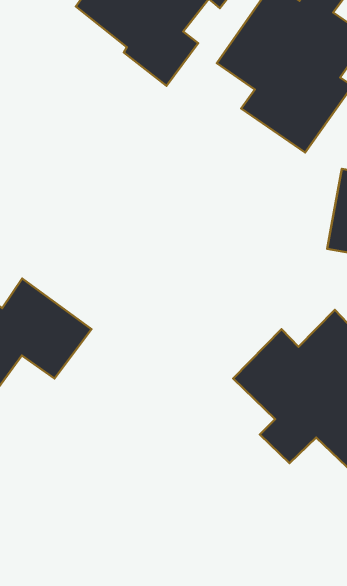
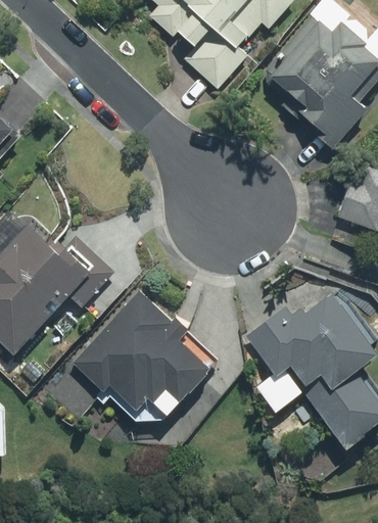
building: none -> [73,285,221,421]

